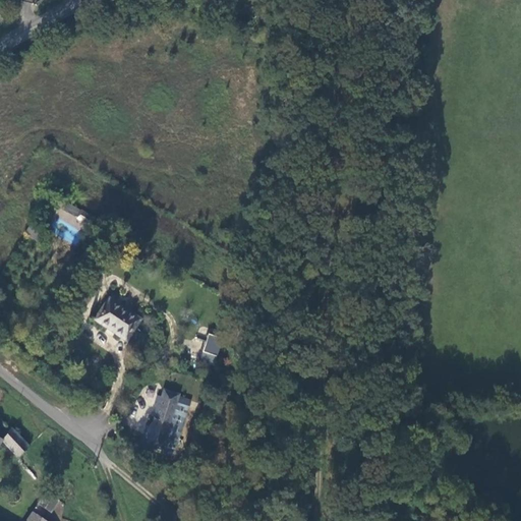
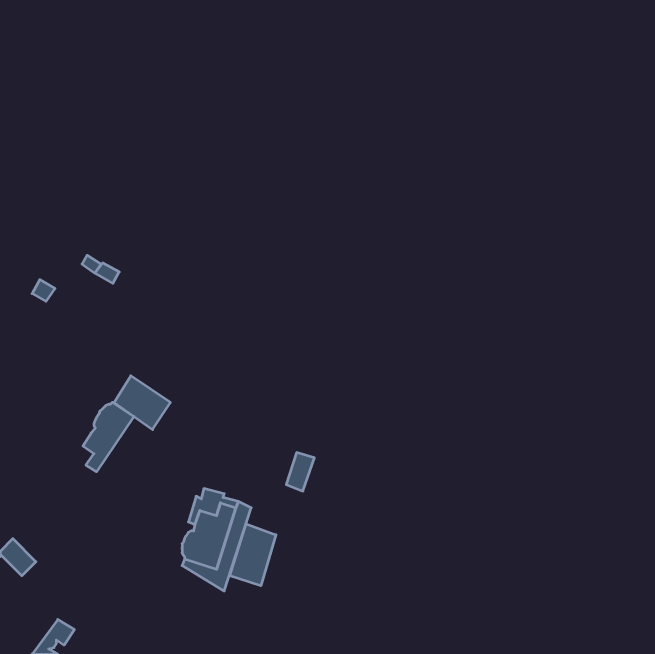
building: none -> [83,402,134,472]
building: [200,333,223,363] -> [286,453,314,491]
building: none -> [230,524,276,586]

